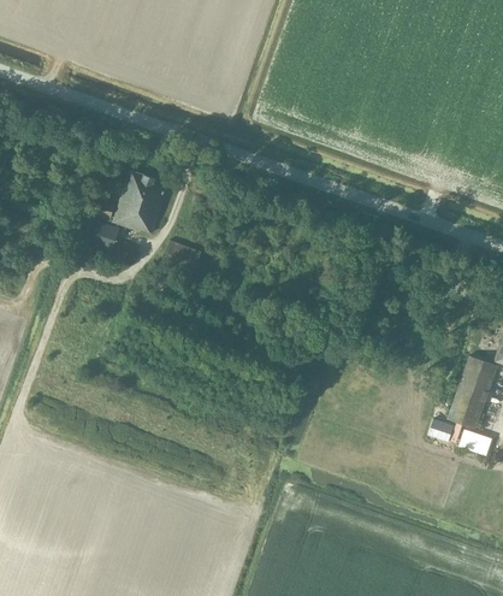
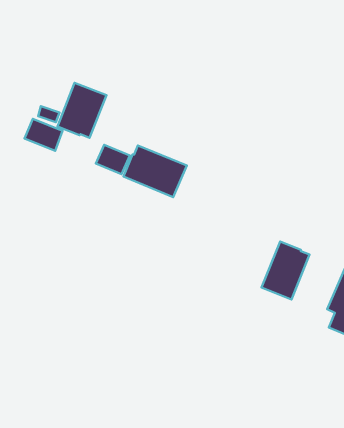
building: none -> [123,145,187,197]
building: none -> [262,241,309,300]

